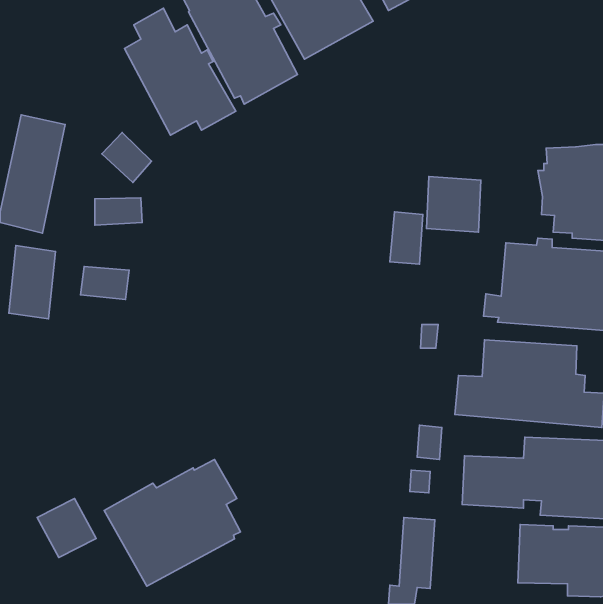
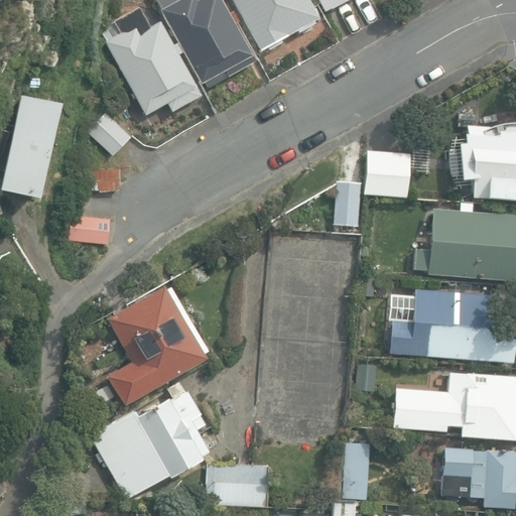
building: [9,246,55,319] -> none
building: none -> [107,286,207,405]
building: [37,498,96,557] -> none
building: none -> [194,463,270,507]

